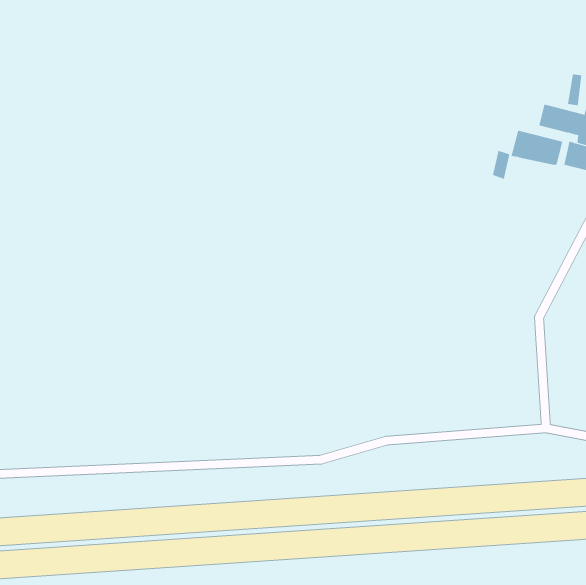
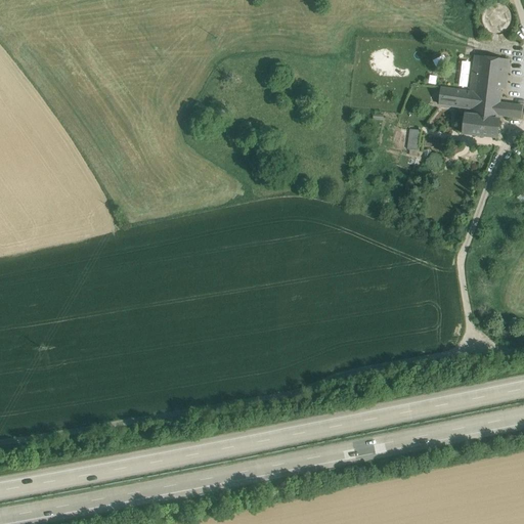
building: [511,130,563,165] -> none

